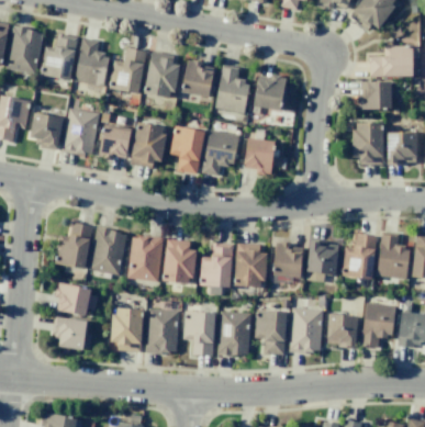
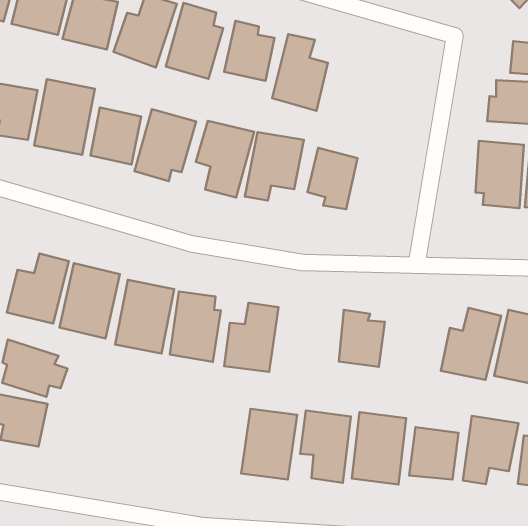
building: [253,74,287,111] -> none
building: [306,240,339,274] -> none
building: [235,244,266,286] -> none
building: [110,308,142,351] -> none
building: [146,308,178,353] -> none
building: [183,312,214,356] -> none

